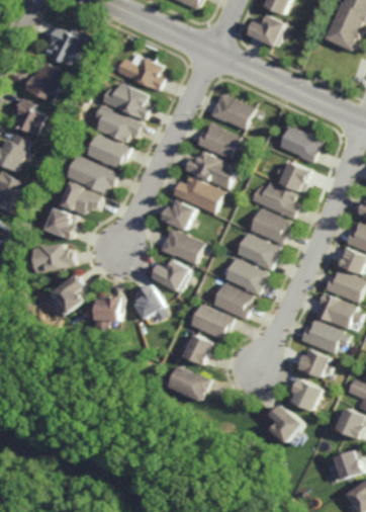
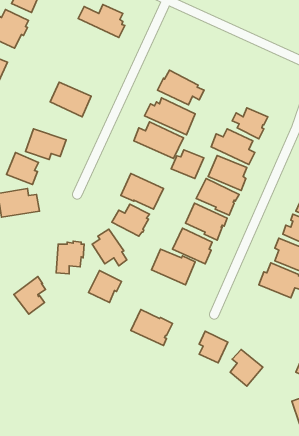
building: [101,82,148,118] -> none
building: [208,92,252,127] -> none
building: [94,106,141,143] -> none
building: [277,124,319,163] -> none
building: [67,156,118,193] -> none
building: [160,199,193,229] -> [171,150,204,179]
building: [50,274,82,313] -> [14,277,46,314]
building: [183,334,216,366] -> [89,271,121,302]
building: [298,351,329,378] -> none
building: [293,379,323,412] -> [199,331,228,363]

